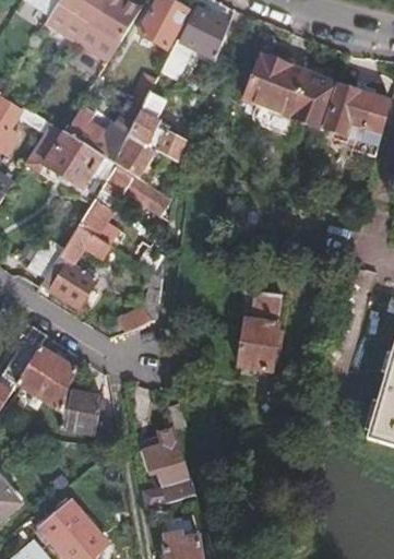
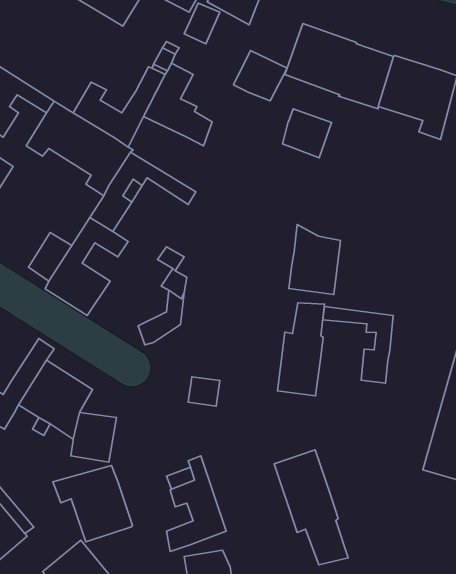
building: none -> [234,51,287,101]
building: none -> [282,109,332,158]
building: [111,138,162,185] -> none
building: none -> [289,224,341,294]
building: none -> [323,307,393,383]
building: none -> [274,450,348,565]
building: none -> [53,465,133,542]

